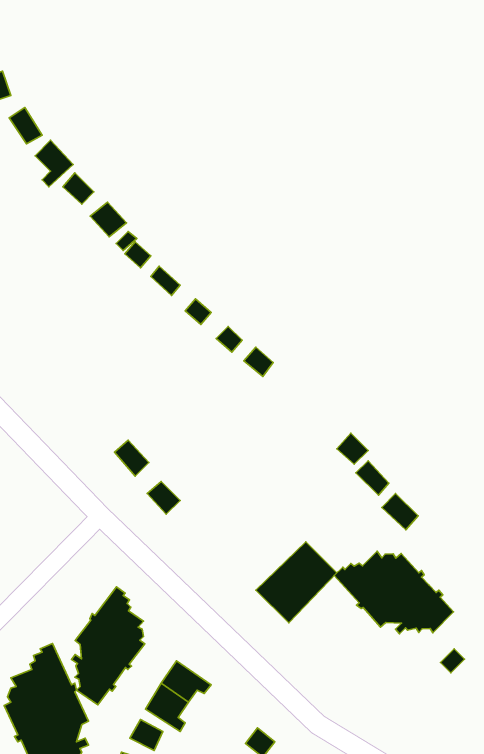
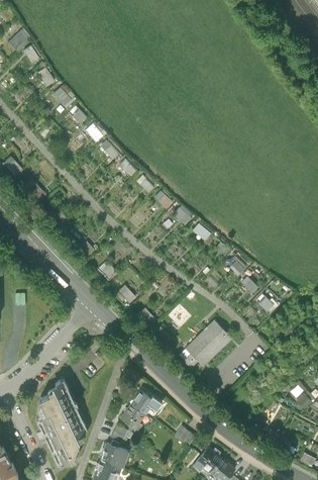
building: [334,551,454,634] -> none
building: [71,587,145,705] -> none

